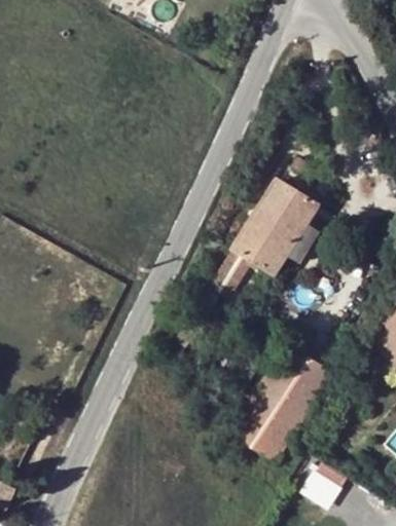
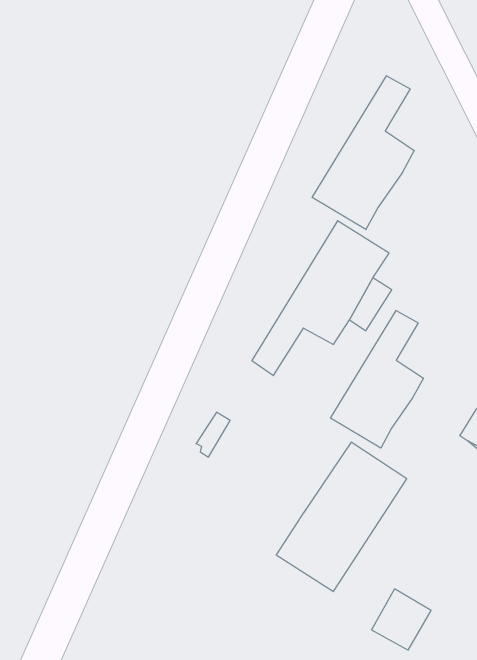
building: none -> [312,76,414,230]
building: none -> [330,311,423,448]

